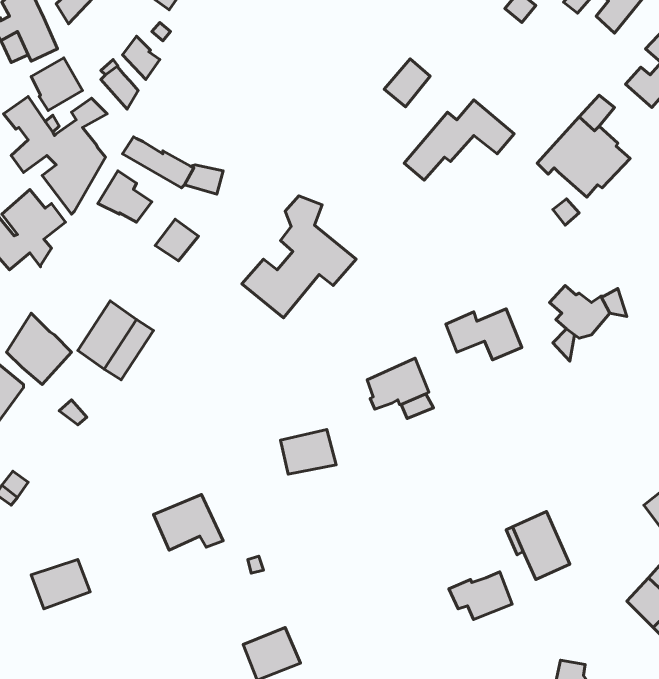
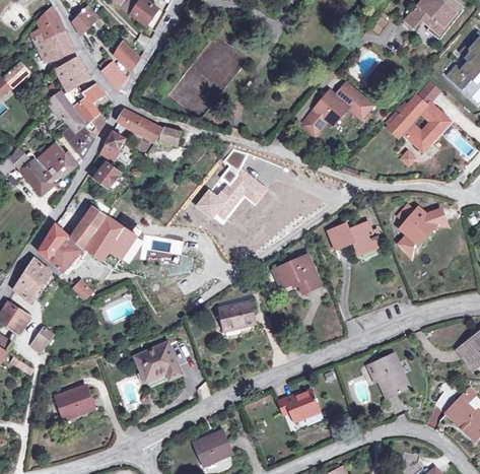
building: [384,59,430,107] -> none
building: [155,219,198,261] -> [92,161,121,189]
building: none -> [70,207,106,247]
building: [449,572,512,620] -> [277,390,319,421]

